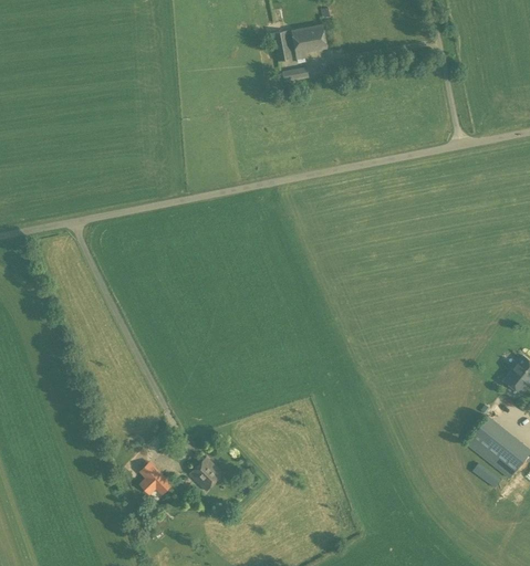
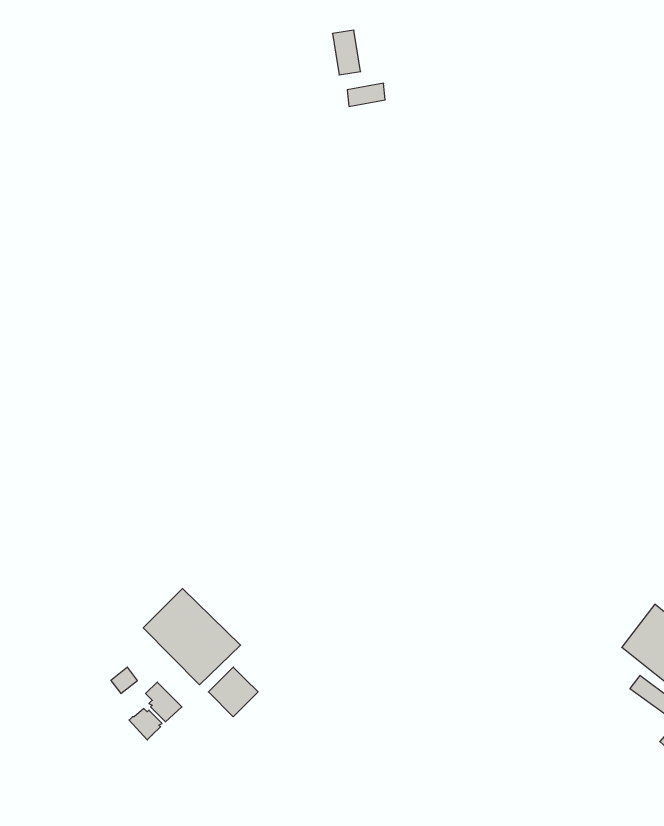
building: [290,24,325,59] -> none
building: none -> [143,589,241,685]

